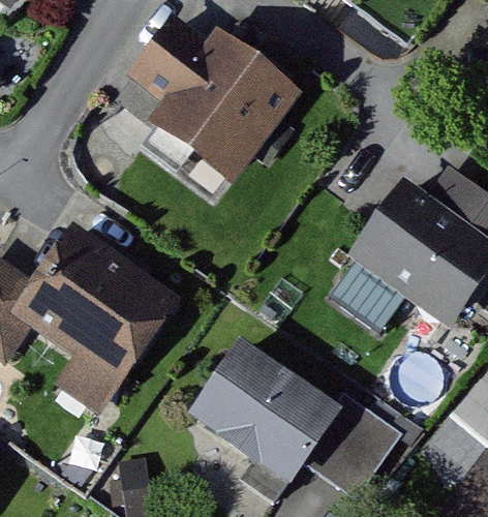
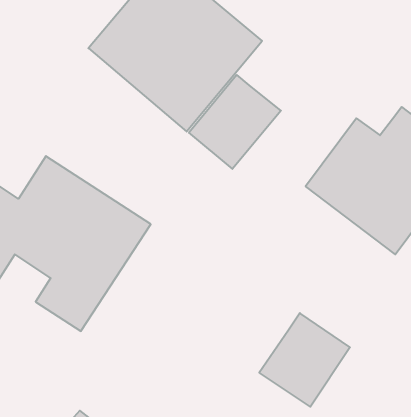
building: none -> [189,75,281,169]
building: [180,341,332,482] -> none

